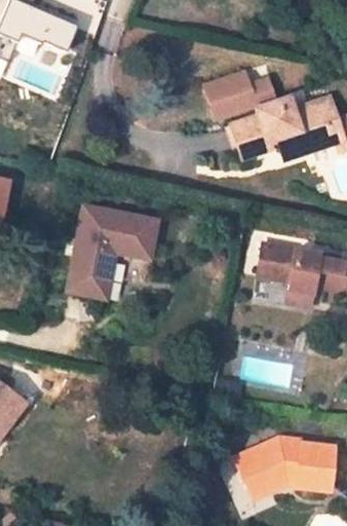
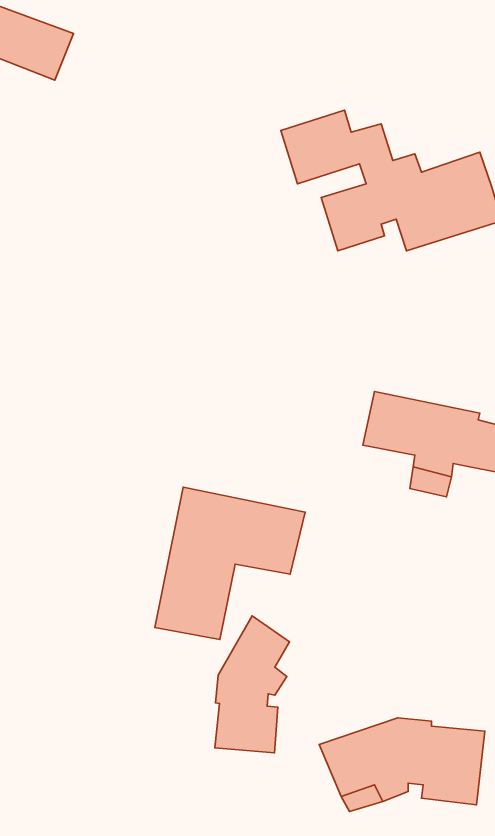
building: [67,203,159,297] -> [155,487,305,639]
building: none -> [215,616,290,753]

